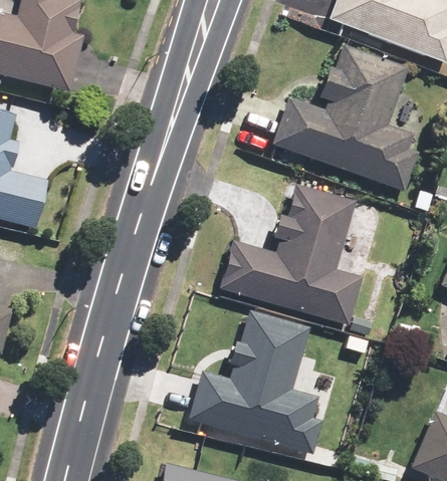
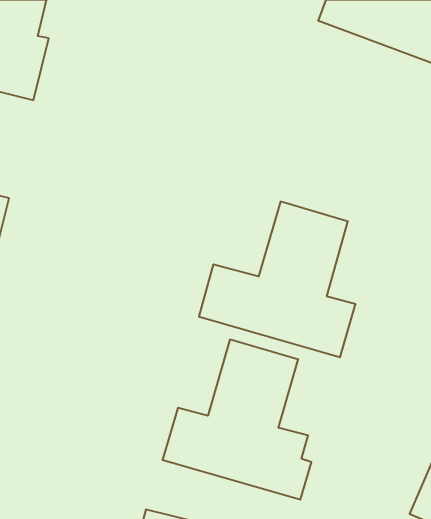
building: [272,45,418,191] -> none

